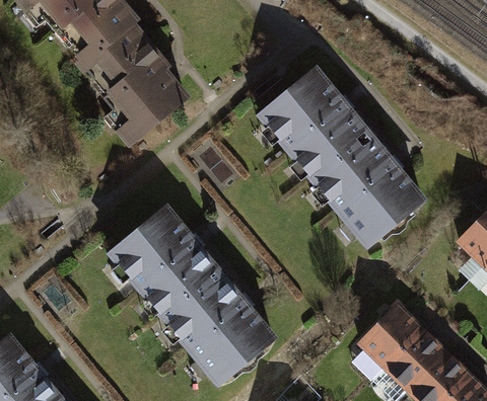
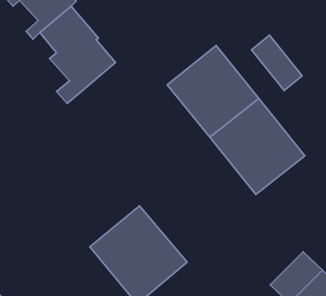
building: none -> [251,35,302,91]
building: [103,207,219,321] -> none
building: [357,302,425,369] -> none

